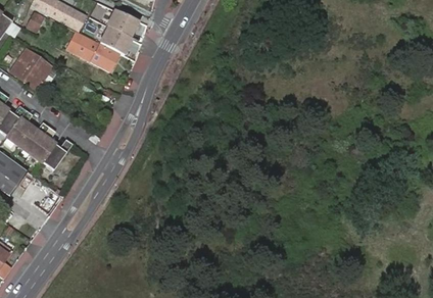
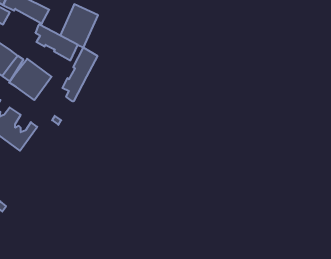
building: none -> [62,47,97,101]
building: none -> [9,59,52,100]

